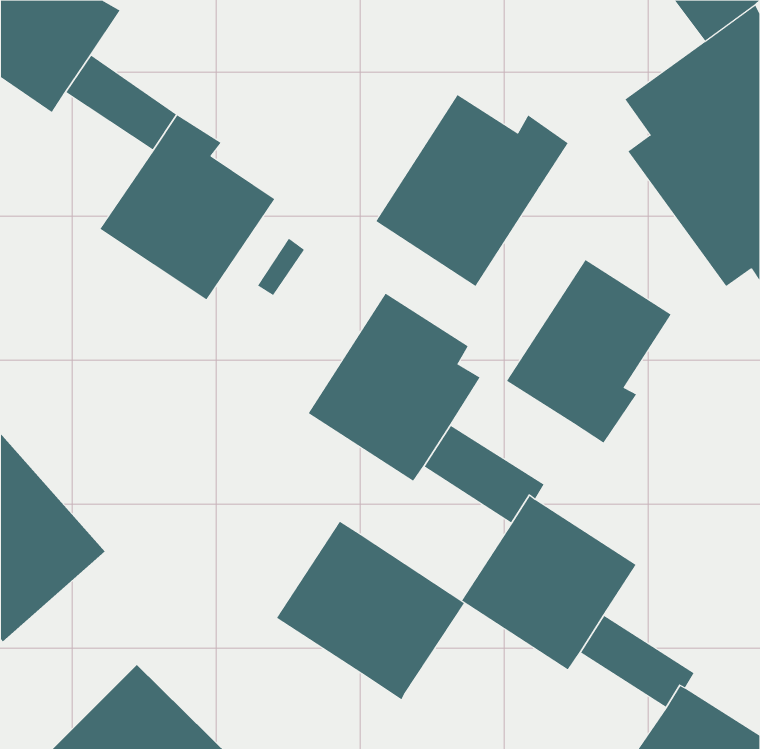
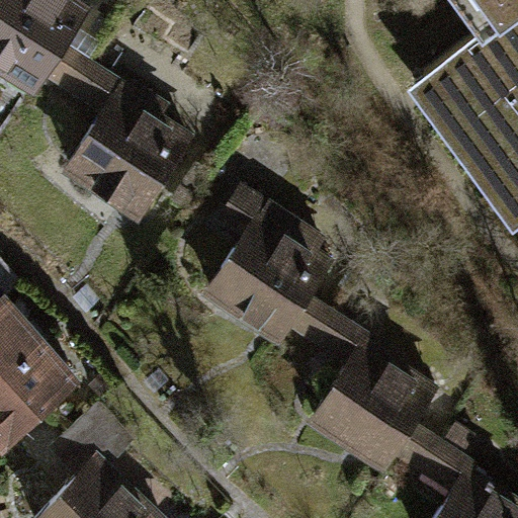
building: [376,94,568,287] -> none
building: [506,259,671,444] -> none
building: [276,521,465,700] -> none

